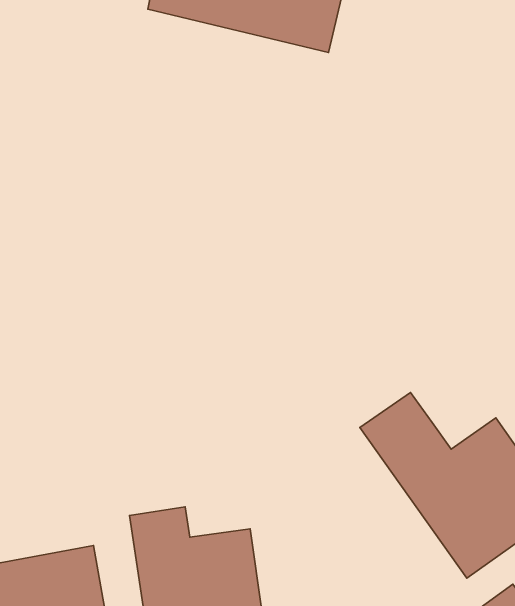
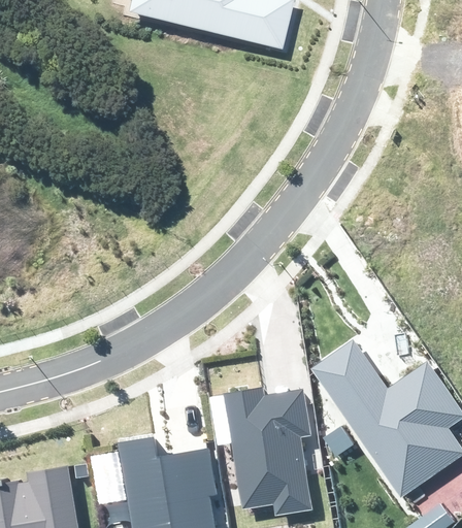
building: none -> [228,386,309,515]

